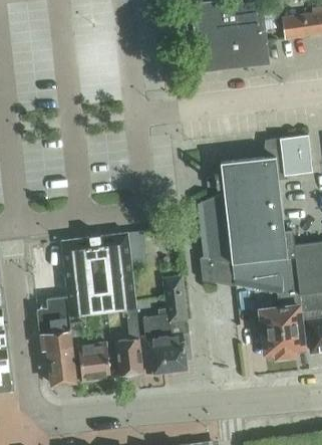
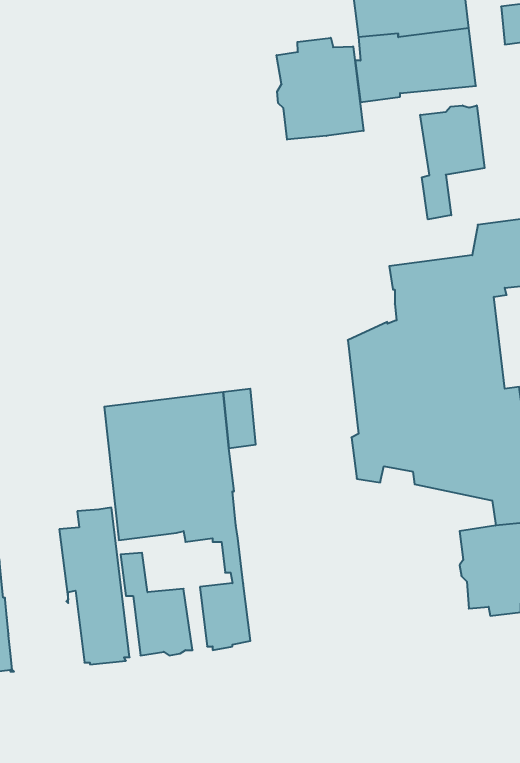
building: none -> [277,38,364,140]
building: none -> [420,105,485,219]
building: [142,276,187,373] -> none

